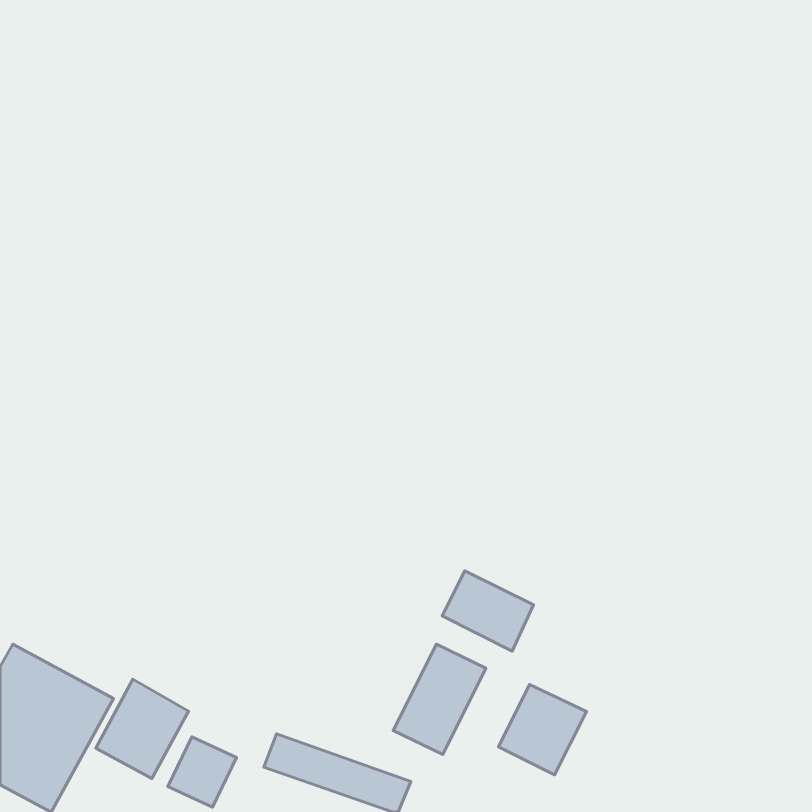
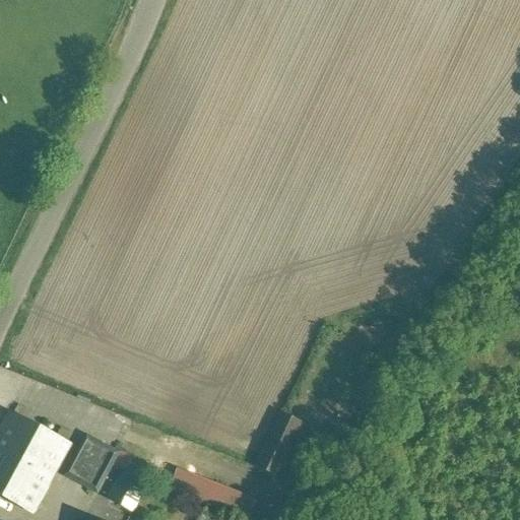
building: [442,571,534,651] -> none
building: [499,684,586,775] -> none

